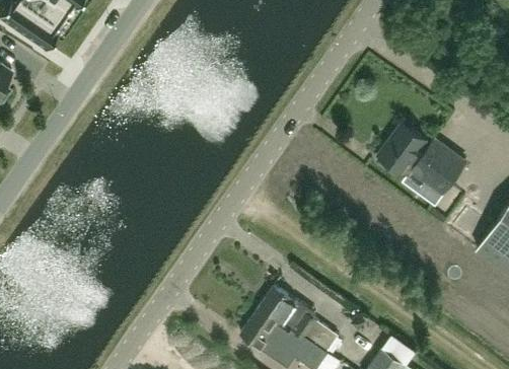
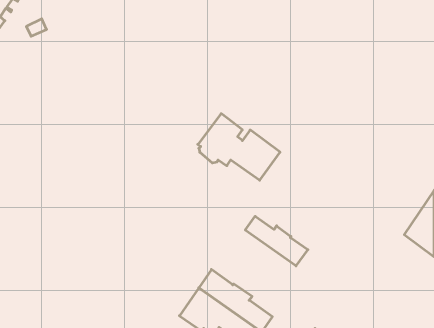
building: [377,125,463,195] -> [198,114,280,180]
building: none -> [245,216,308,266]

